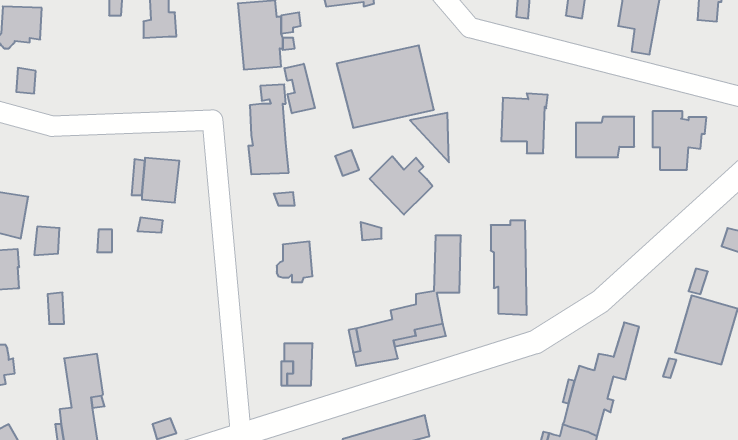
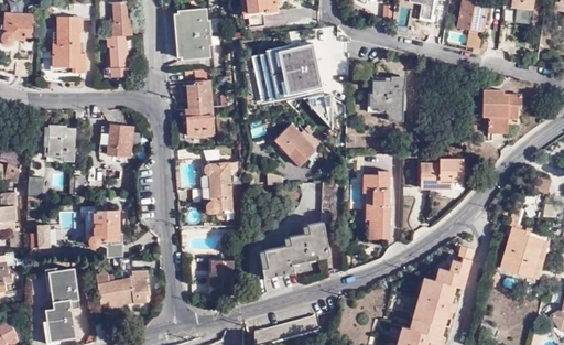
building: none -> [52,17,84,72]
building: none -> [104,35,128,77]
building: [284,64,315,113] -> none
building: [576,117,634,157] -> [420,159,463,188]
building: none -> [46,125,75,162]
building: none -> [203,162,241,188]
building: none -> [85,211,119,247]
building: none -> [96,258,150,305]

